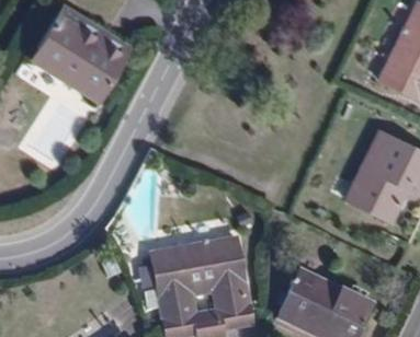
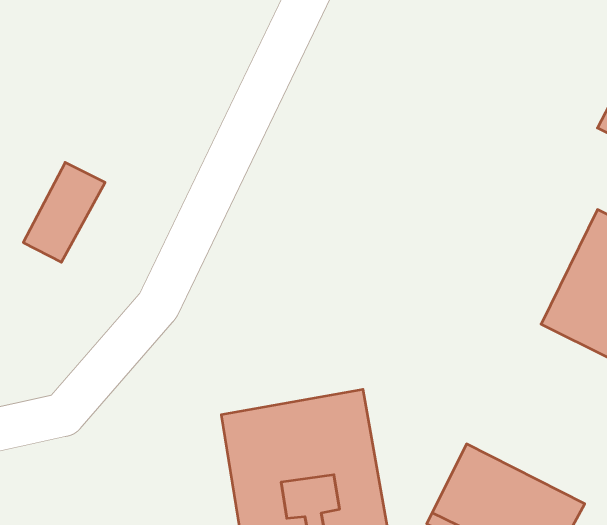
building: [32,8,129,100] -> none

